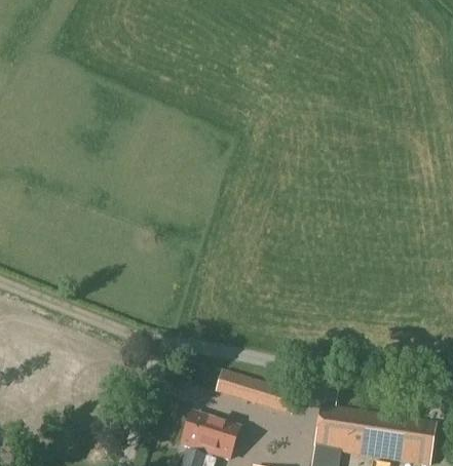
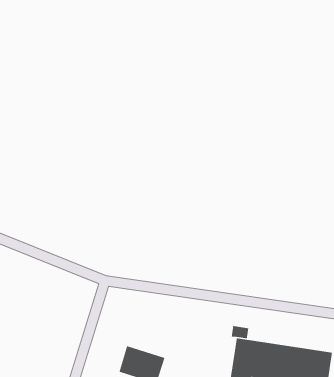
building: [217,370,297,412] -> none

